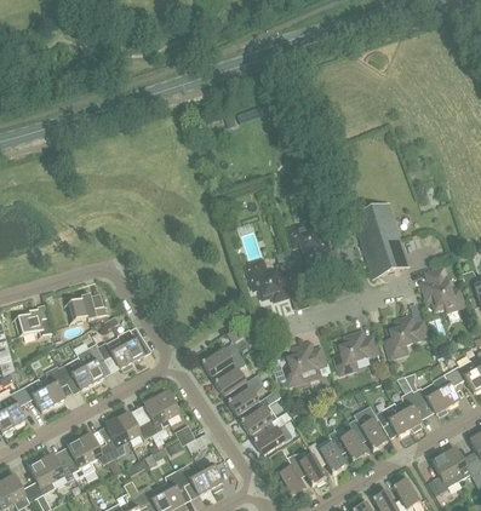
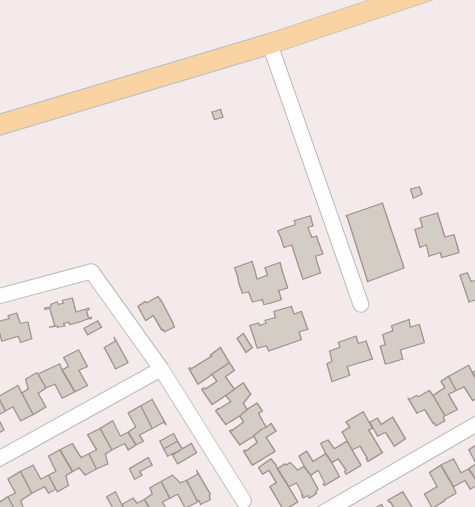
building: [420,268,463,310] -> [415,213,459,257]
building: [97,337,132,371] -> [138,296,175,332]
building: [269,343,325,385] -> [250,307,308,351]
building: [394,390,422,432] -> none

